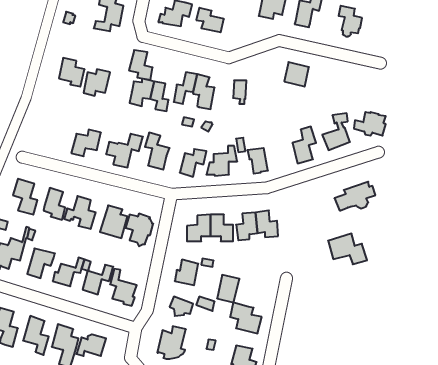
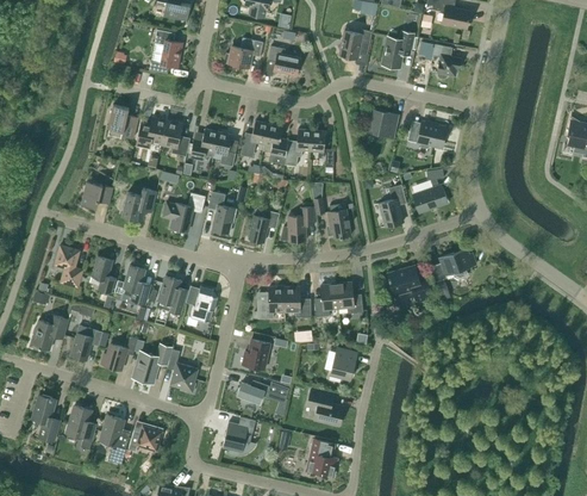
building: [129,50,153,80] -> [162,120,189,155]
building: none -> [285,129,312,166]
building: [354,112,386,136] -> [408,120,445,148]
building: none -> [81,180,114,207]
building: [328,234,367,264] -> [388,265,433,300]
building: [217,275,240,303] -> [331,347,357,379]

